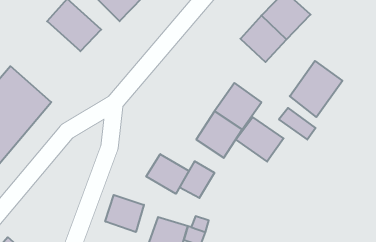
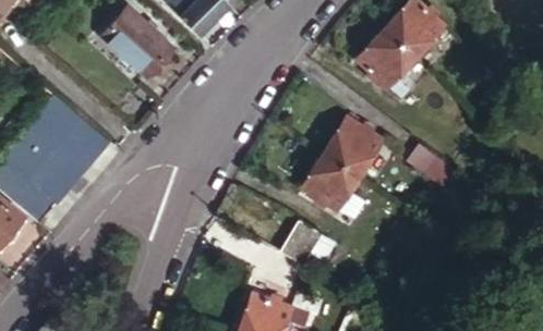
building: [290,61,342,117] -> none
building: [236,117,284,162] -> none
building: [146,154,189,194] -> none
building: [105,195,144,232] -> none

